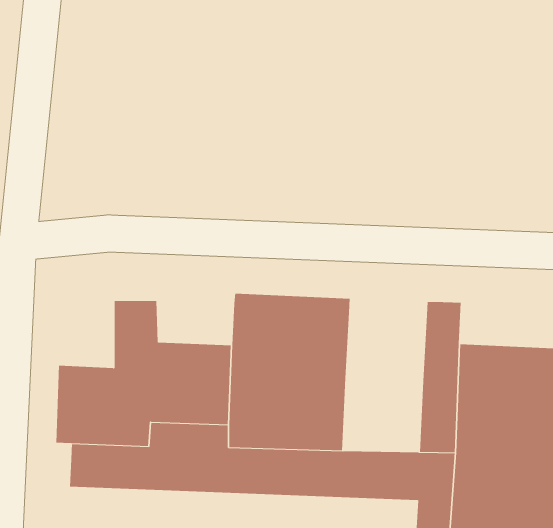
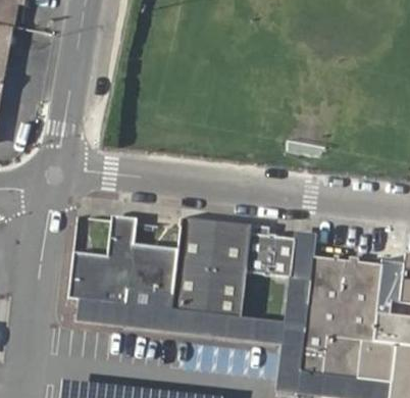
building: none -> [247,233,297,277]

